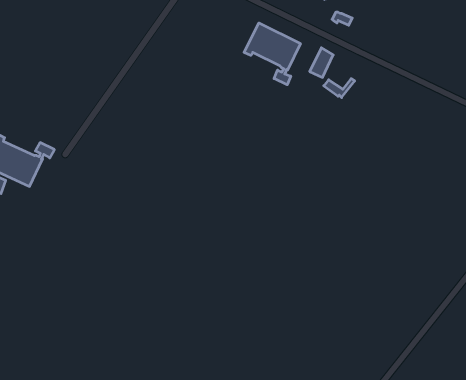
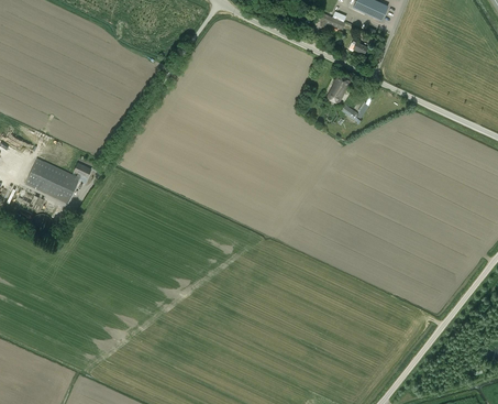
building: [244,23,300,85] -> none

